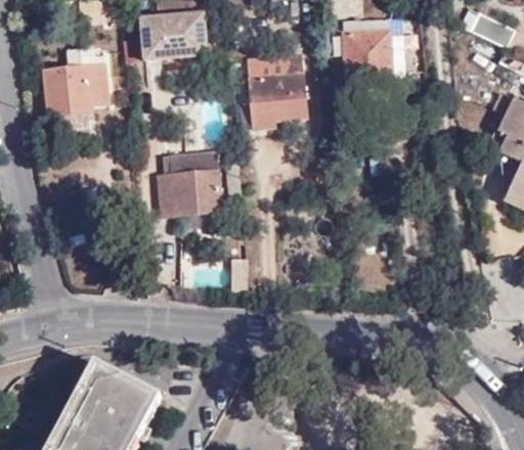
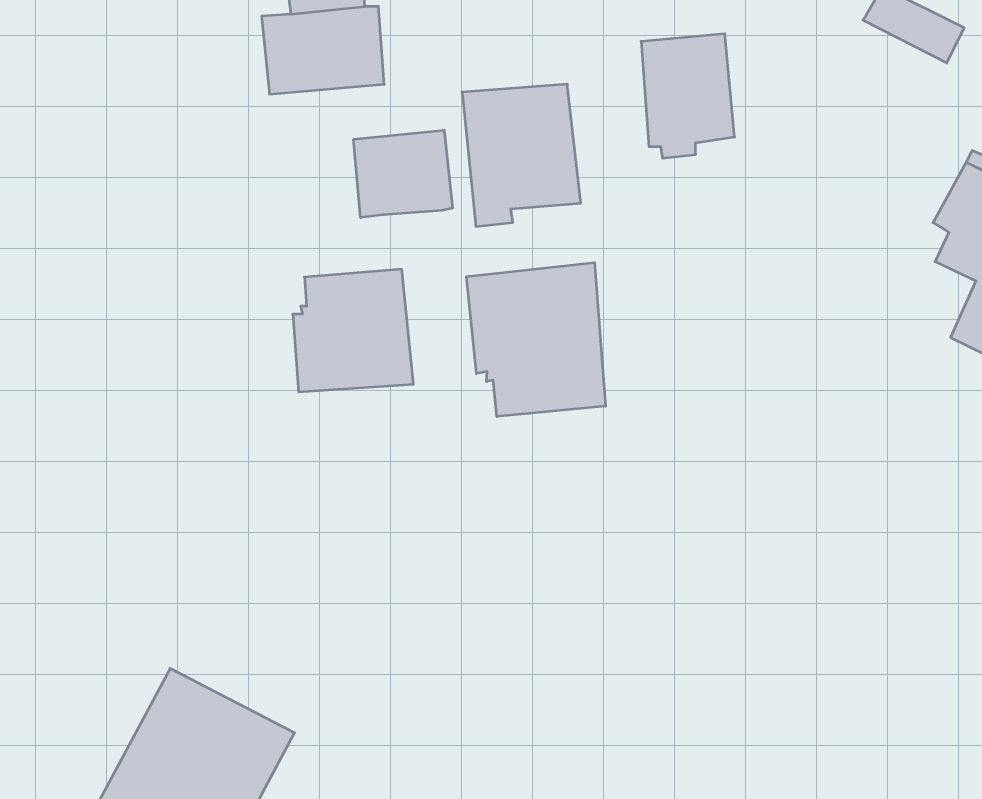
building: [44,44,106,117] -> none
building: none -> [354,130,453,218]
building: none -> [467,263,606,417]

